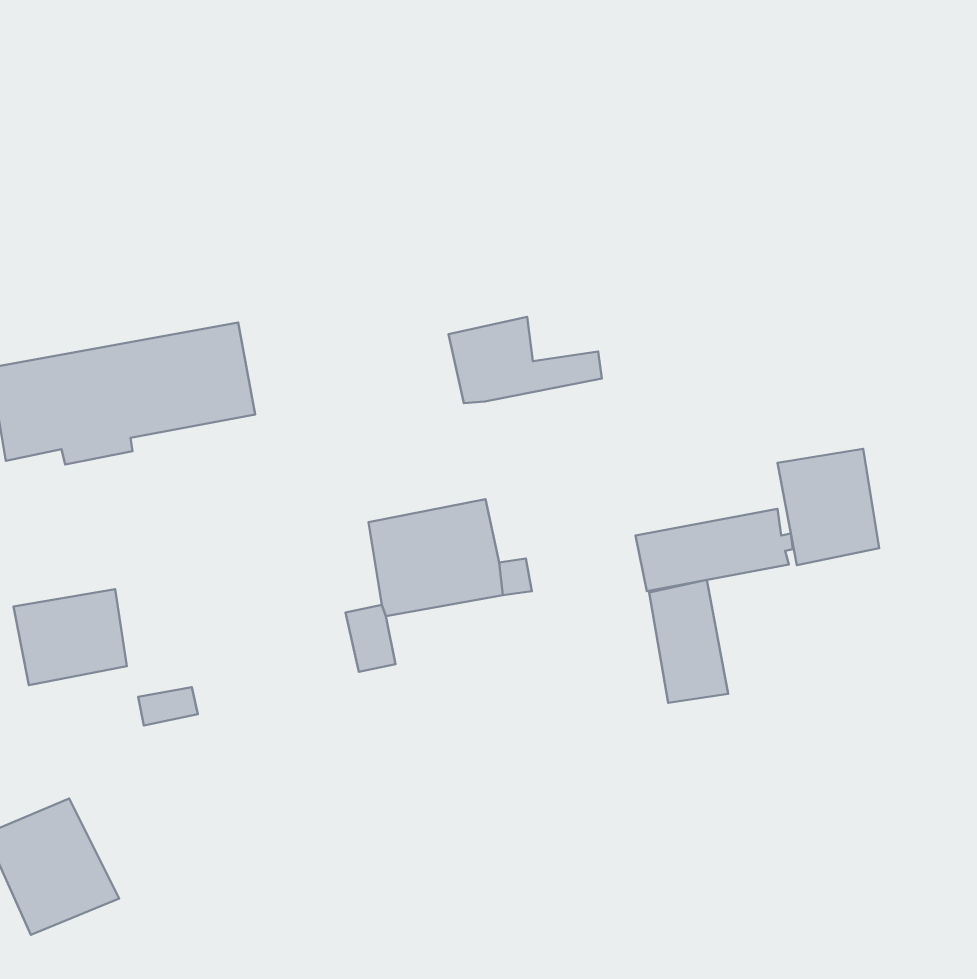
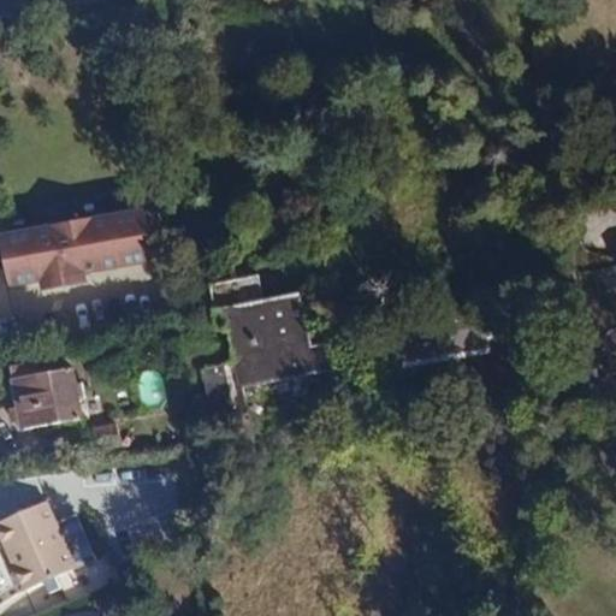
building: [448,317,602,403] -> [208,274,304,328]
building: [777,449,879,565] -> none
building: [649,580,728,703] -> none

